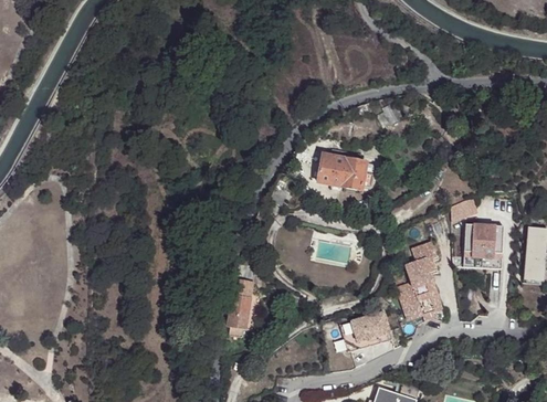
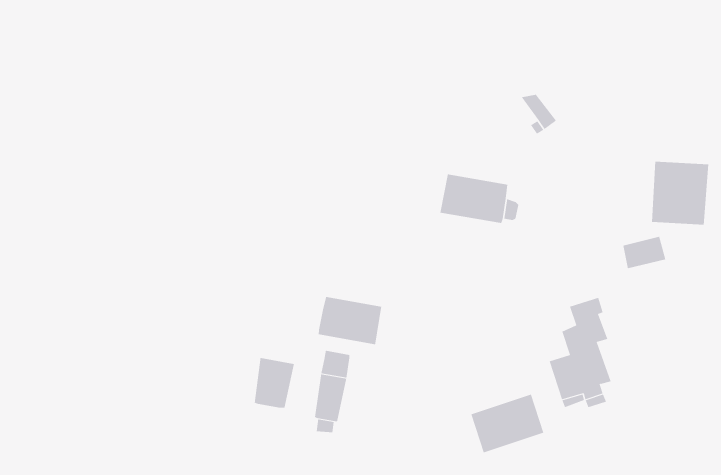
building: [465,223,506,268] -> [651,161,709,225]
building: none -> [318,296,382,345]
building: none -> [254,357,295,408]

